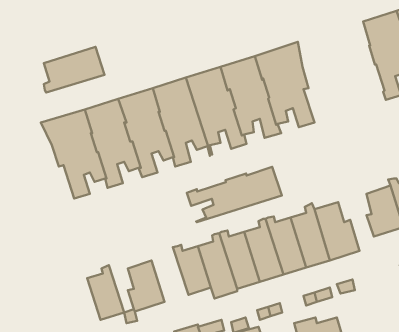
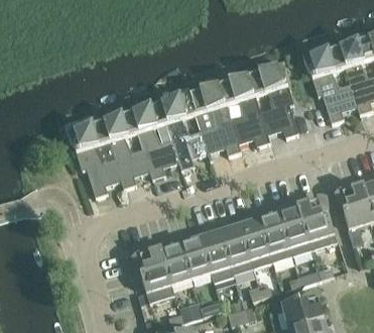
building: none -> [303,45,359,121]
building: [44,47,104,93] -> none
building: [187,167,282,222] -> none
building: [87,265,124,320] -> [161,237,193,284]

